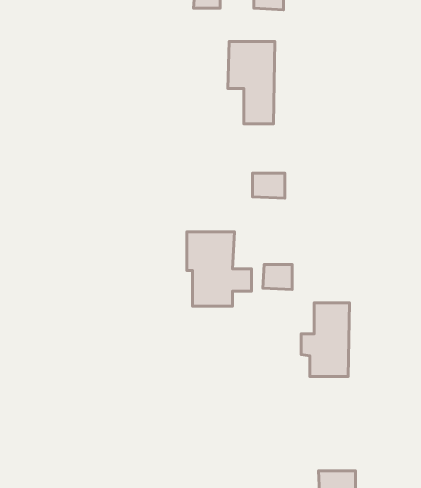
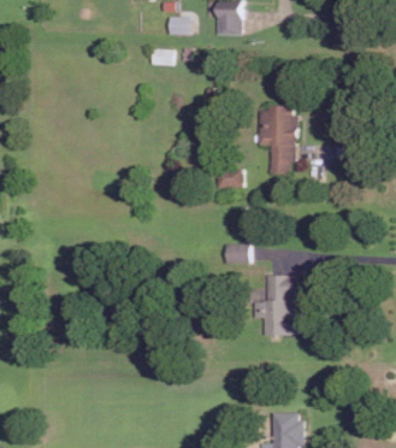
building: [228,41,275,124] -> [258,106,296,173]
building: [187,232,252,306] -> none

